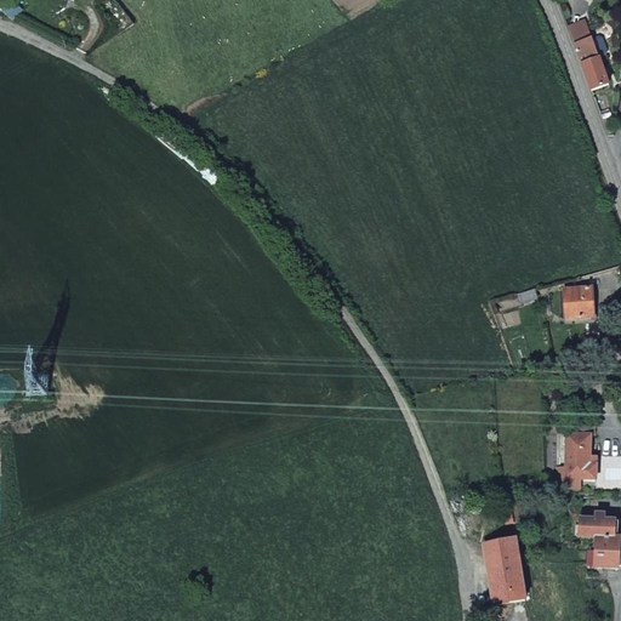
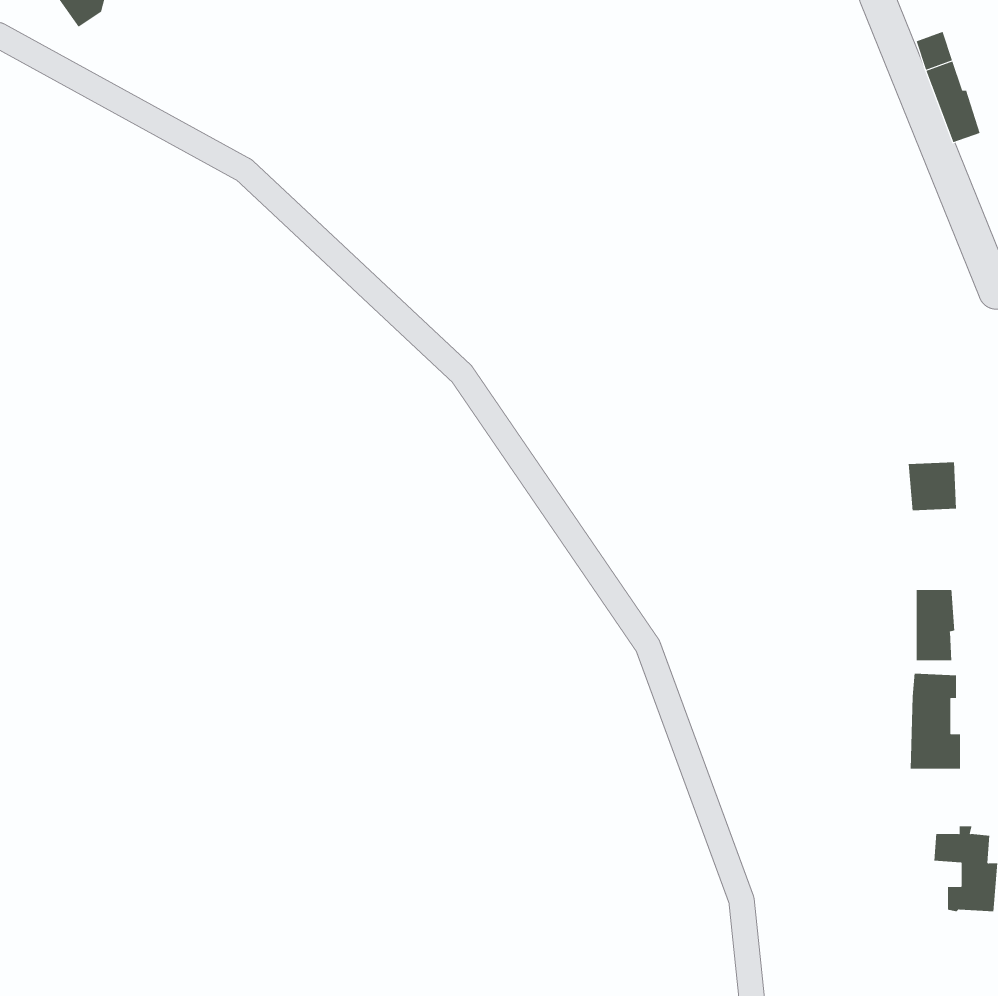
building: none -> [916,589,955,661]
building: [483,537,525,604] -> none

